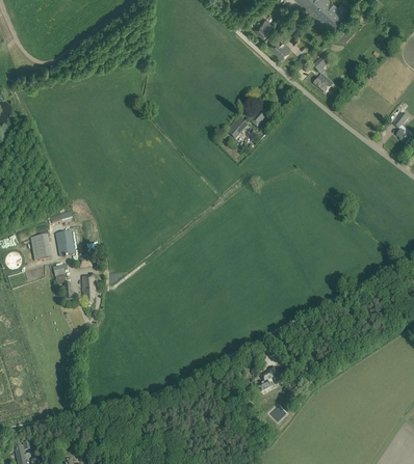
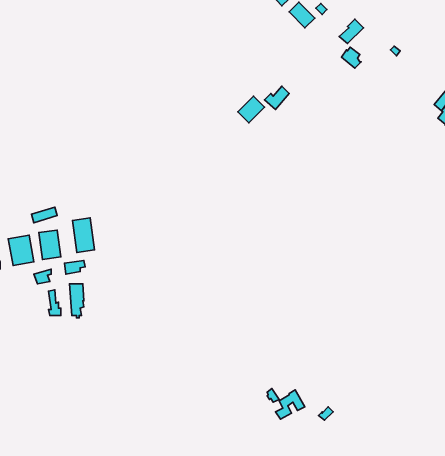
building: none -> [73,218,95,252]

